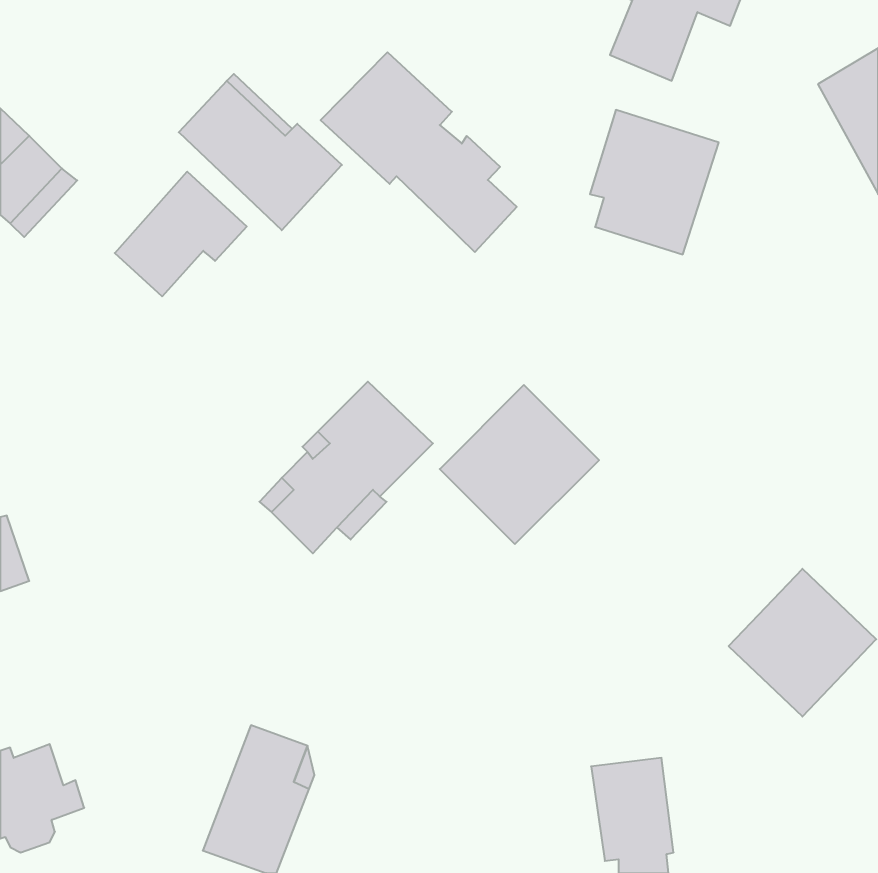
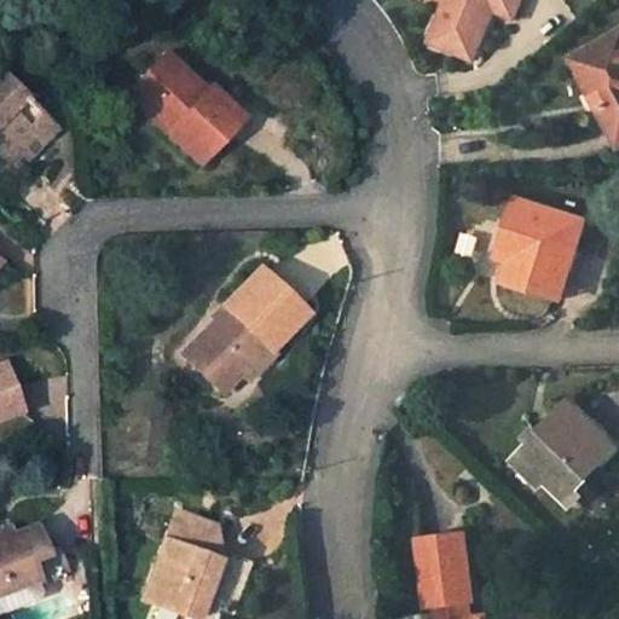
building: [321,52,517,252] -> none
building: [590,110,719,254] -> [497,197,588,299]
building: [115,172,247,296] -> none
building: [440,385,599,544] -> none

